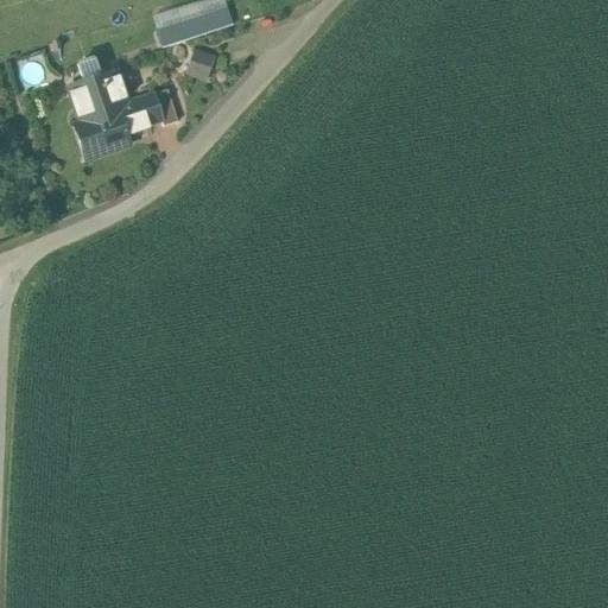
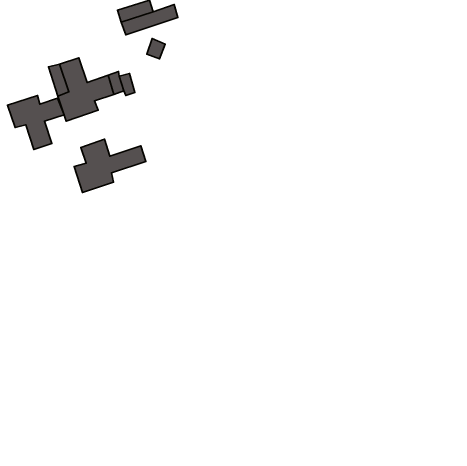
building: none -> [8,96,64,149]
building: none -> [74,139,146,193]

